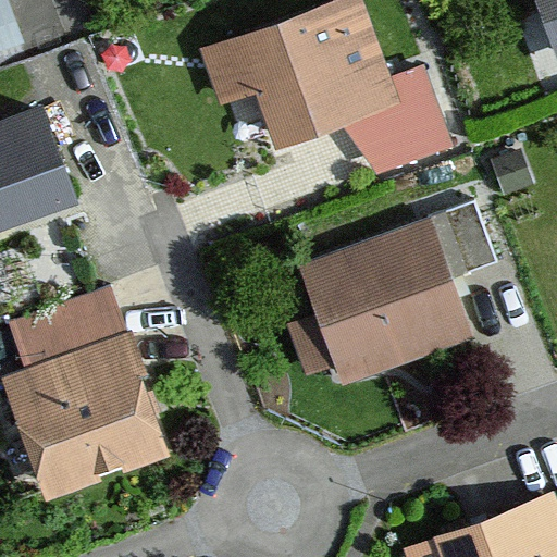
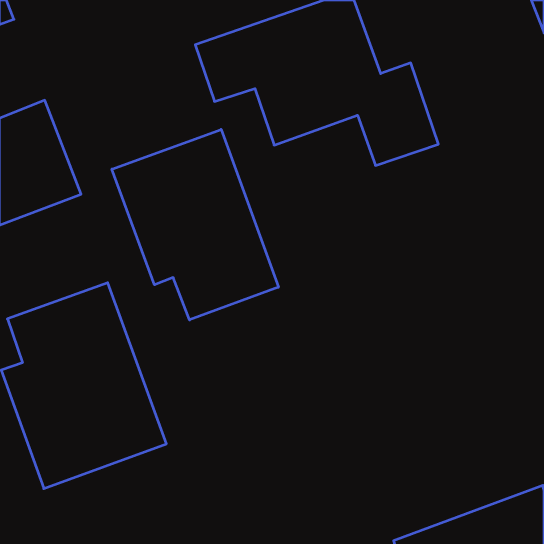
building: none -> [112,129,278,320]
building: [297,201,496,388] -> none

